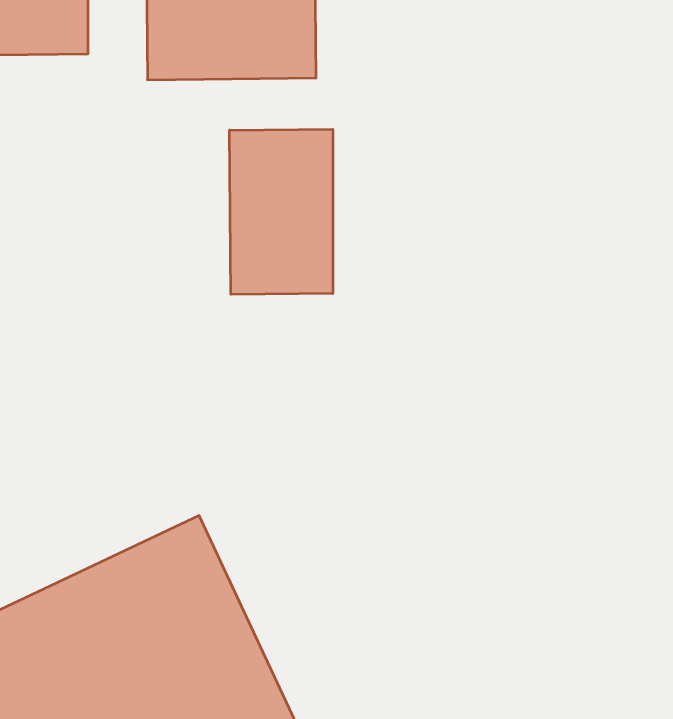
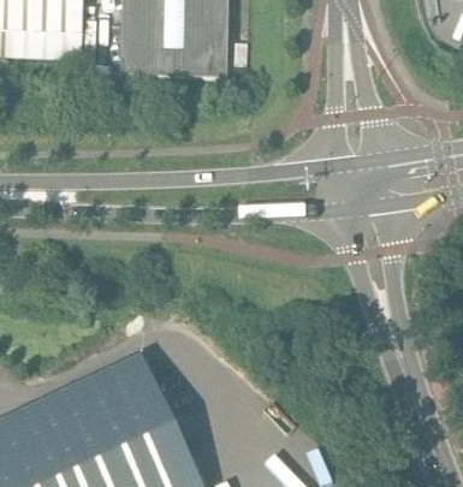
building: [230,129,333,294] -> none

